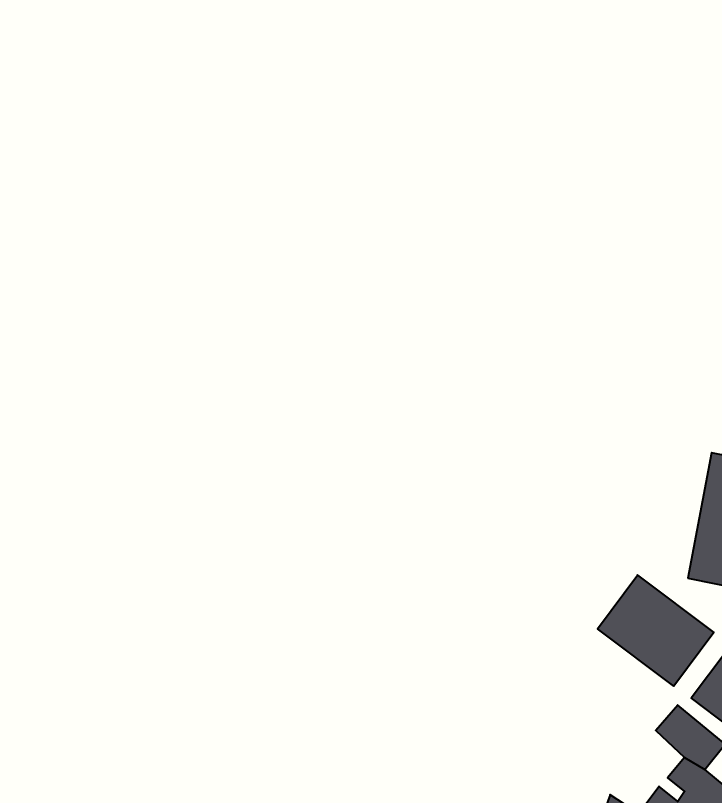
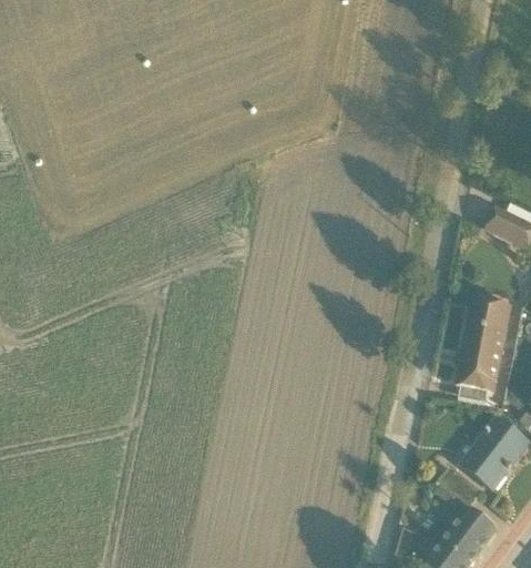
building: [598,575,714,686] -> none

